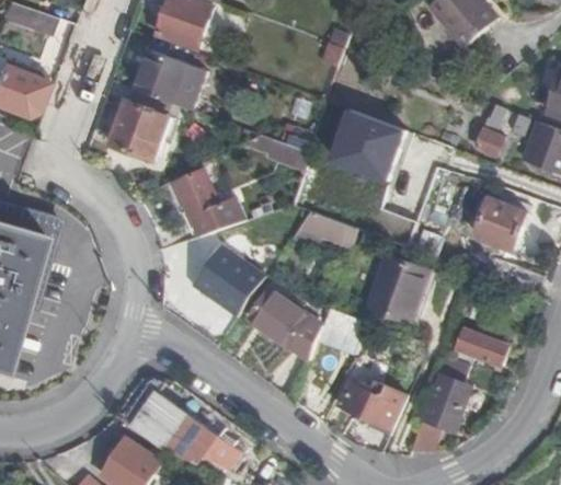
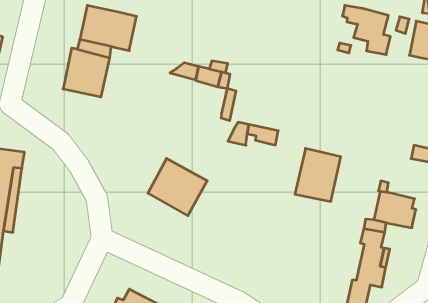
building: [331,107,410,182] -> none
building: [173,170,247,236] -> none
building: [474,196,531,251] -> none
building: [248,286,322,361] -> none
building: [339,381,405,429] -> none

